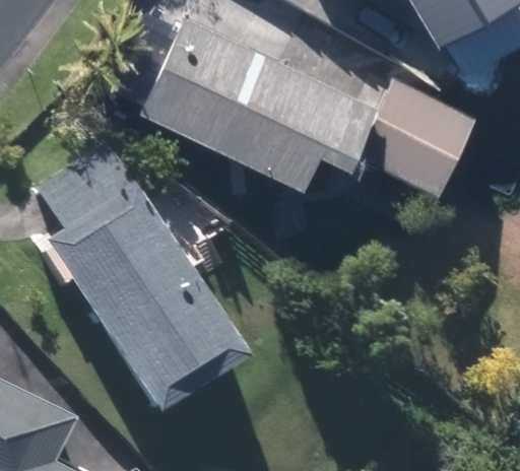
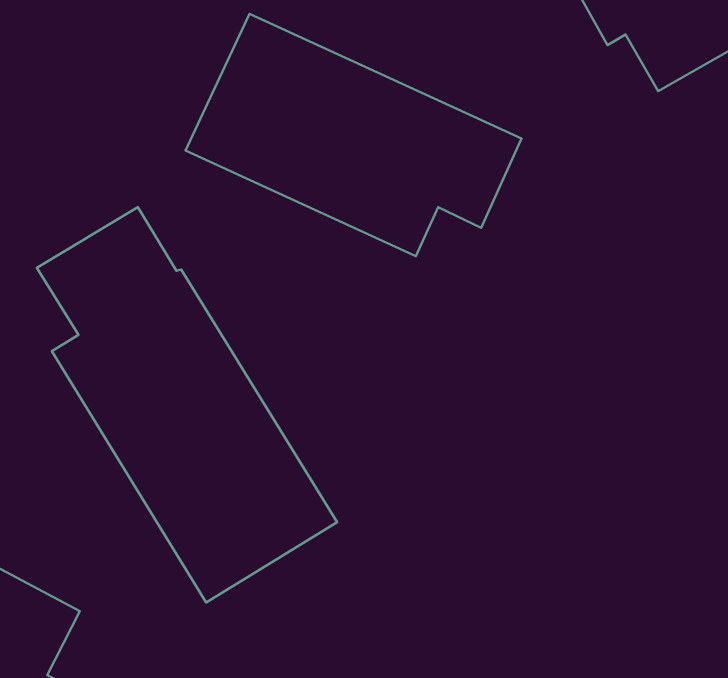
building: [361,74,471,185] -> none

